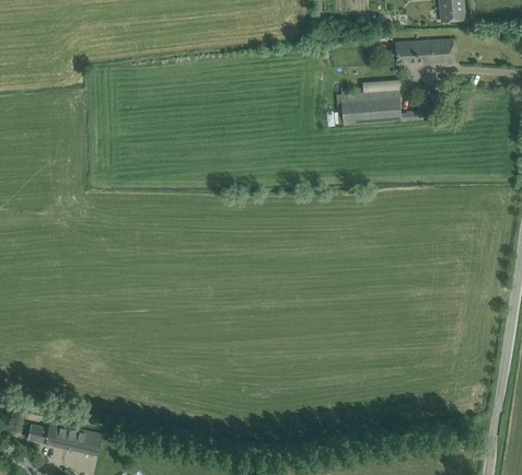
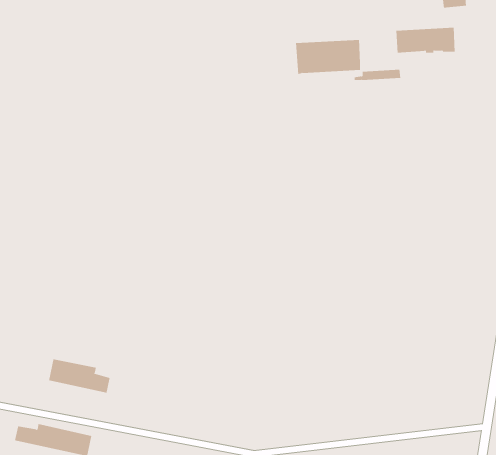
building: [336,91,399,125] -> [295,40,361,75]
building: none -> [48,359,110,394]

